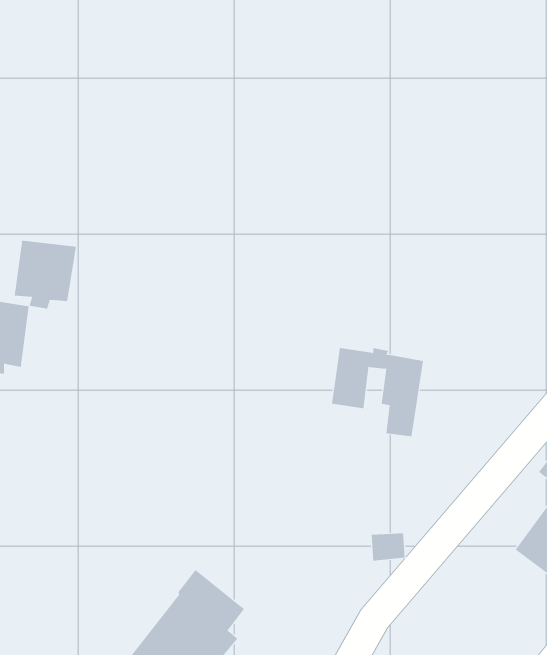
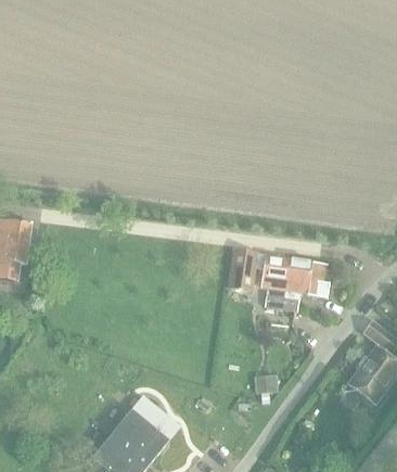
building: [14,240,77,309] -> none
building: none -> [281,260,329,312]

